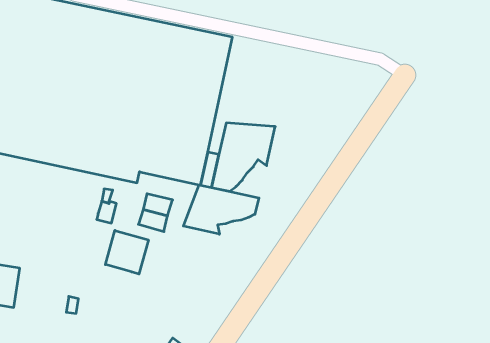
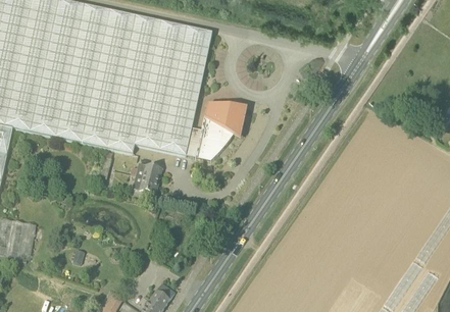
building: [183,185,259,234] -> none
building: [105,230,148,274] -> none

